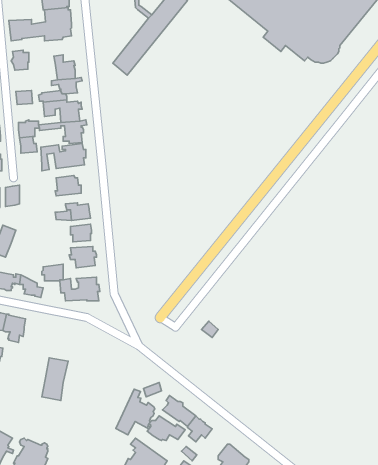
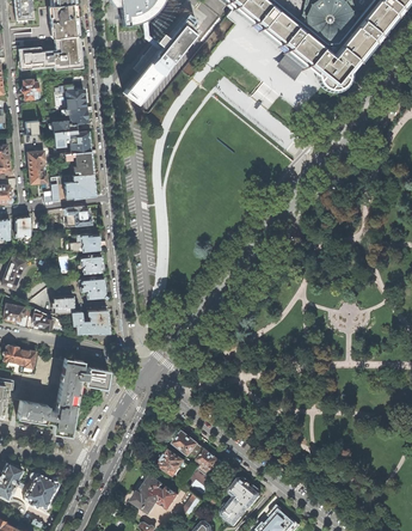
building: none -> [59,358,109,393]
building: none -> [17,399,55,422]
building: [116,389,155,435] -> none

